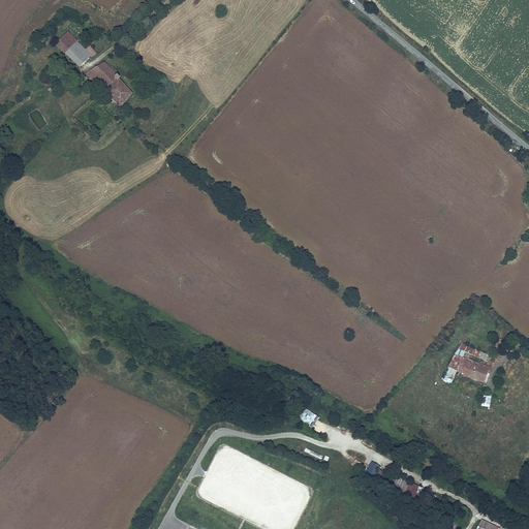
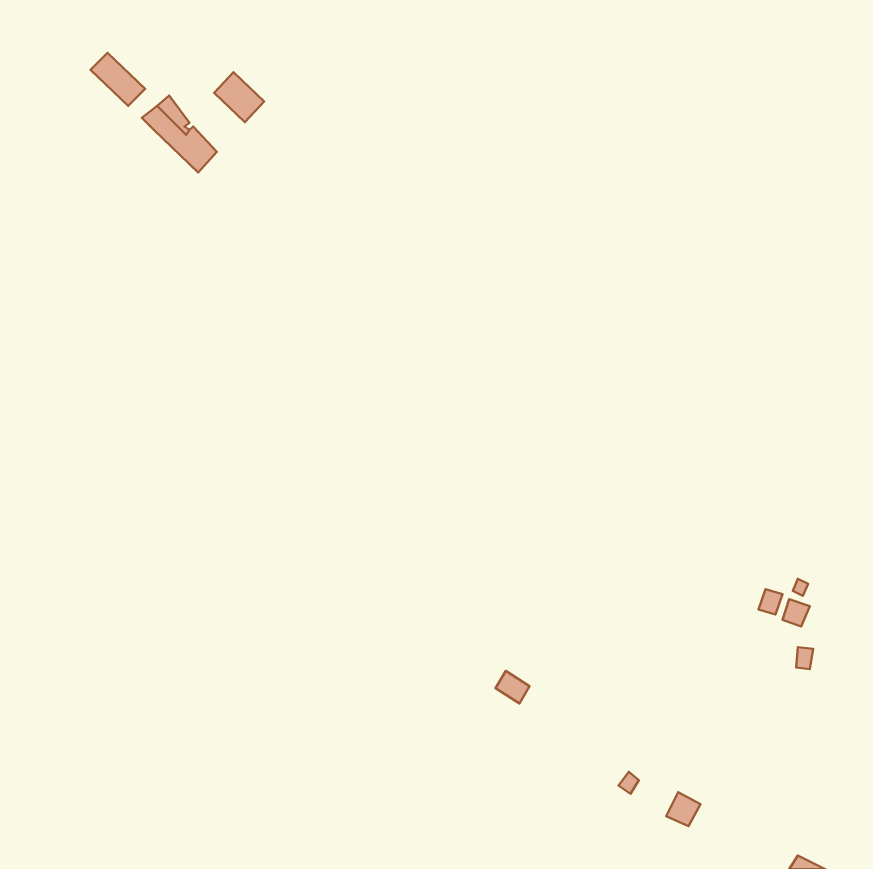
building: none -> [214,72,264,122]

